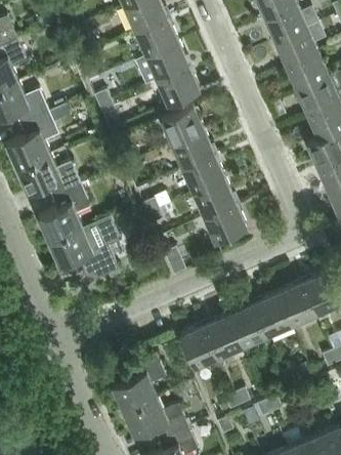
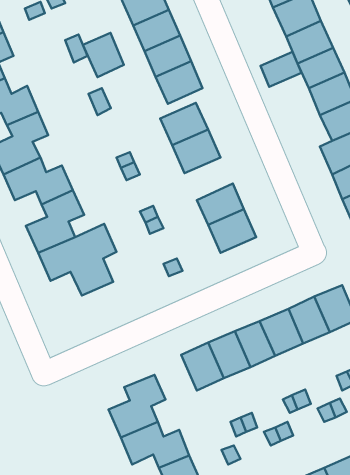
building: none -> [83,33,124,77]
building: none -> [260,52,301,87]
building: [183,156,227,195] -> none

